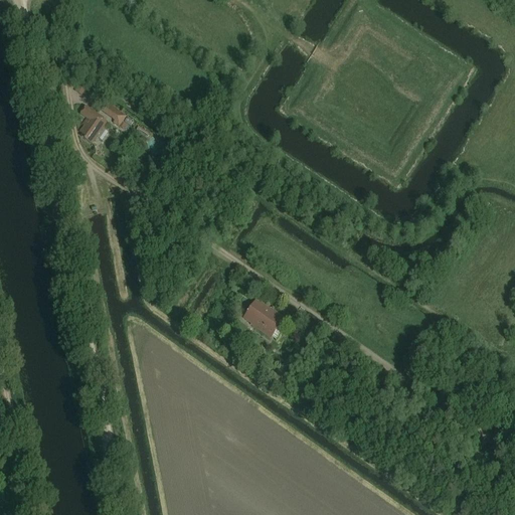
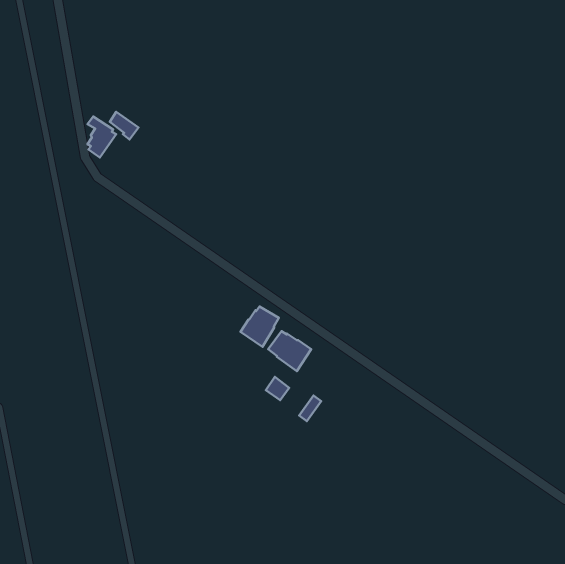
building: none -> [241,306,279,347]

